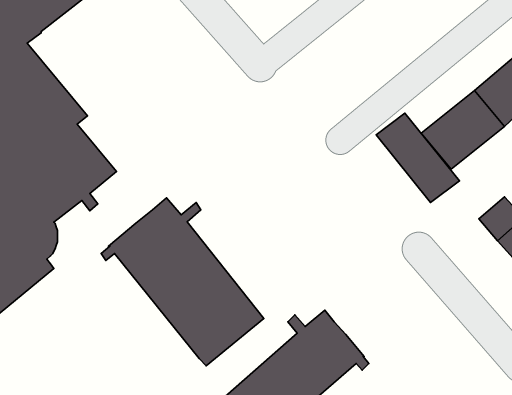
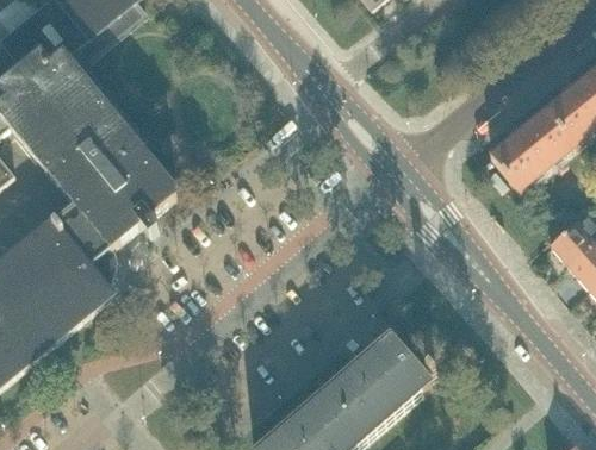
building: [376,113,459,202] -> none
building: [101,198,264,366] -> none

